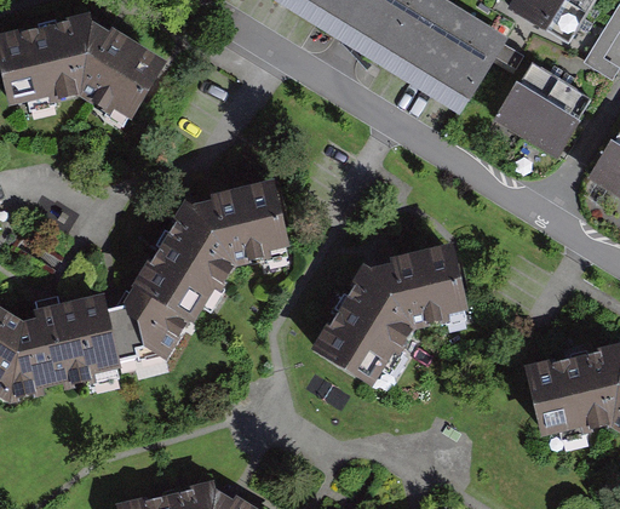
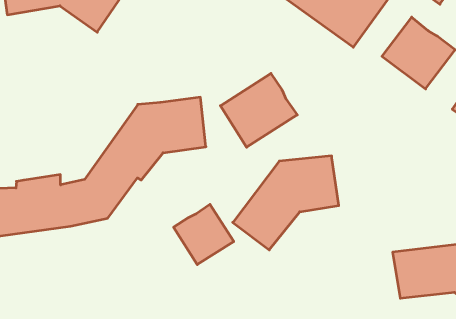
building: none -> [220,73,297,147]
building: none -> [174,204,234,265]

